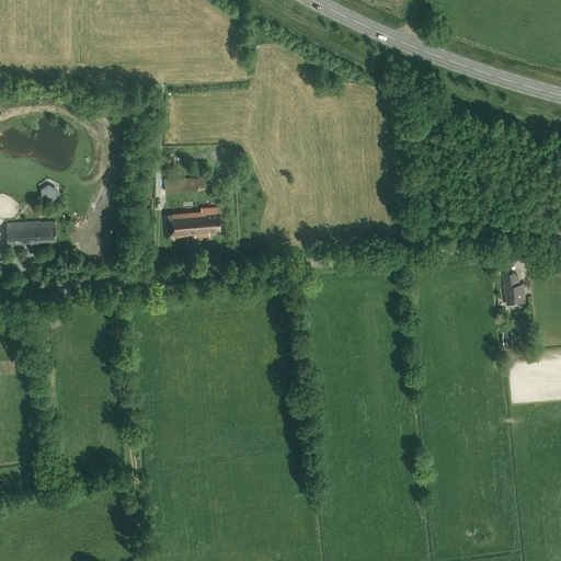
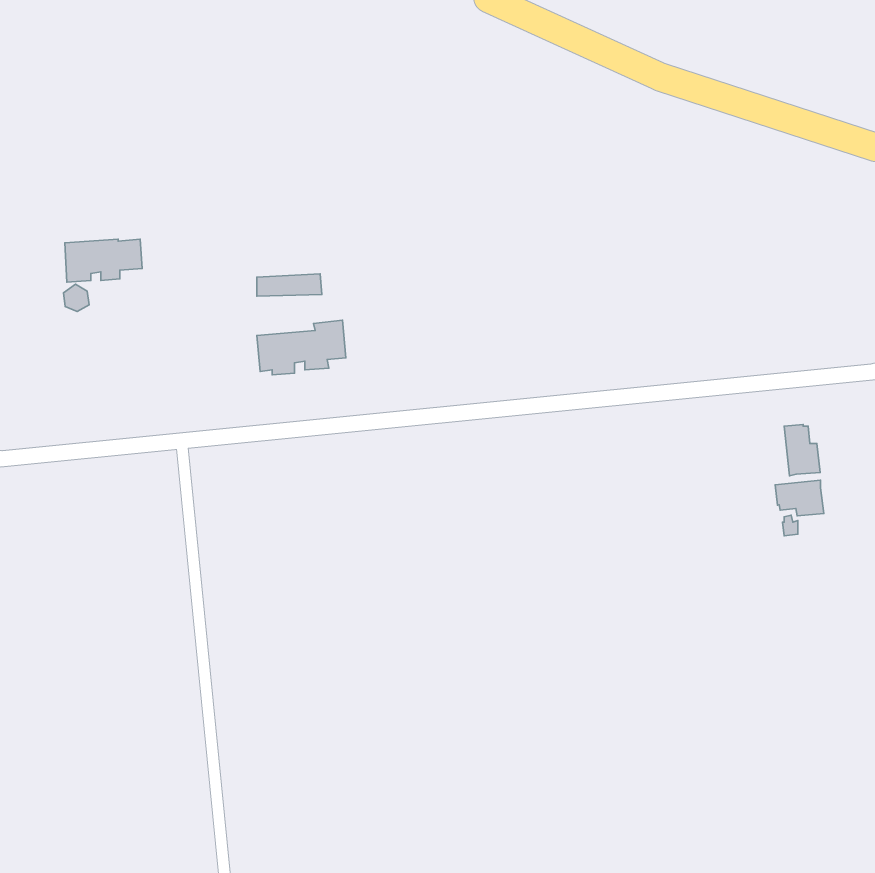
building: [7,220,56,248] -> [65,239,142,282]
building: none -> [775,480,824,516]

